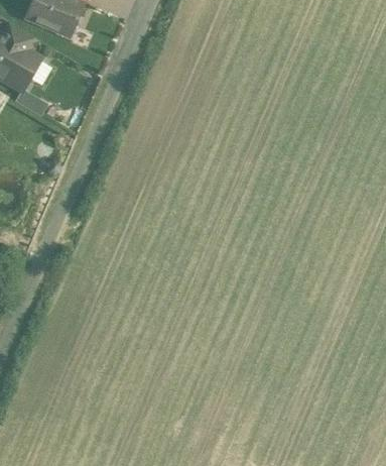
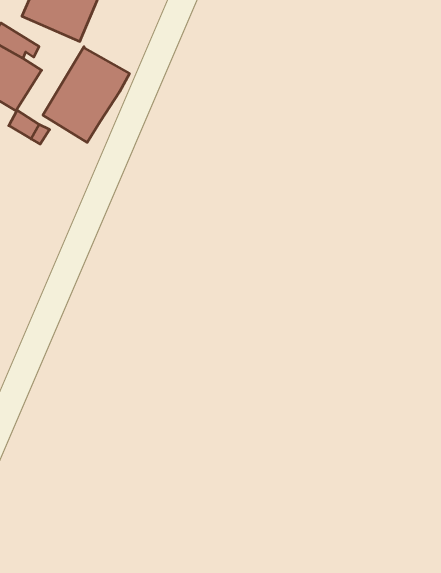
building: none -> [43,47,129,142]

